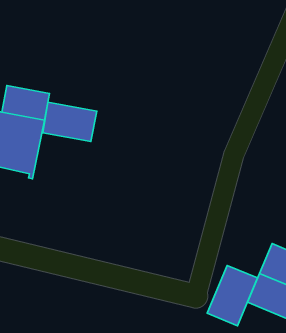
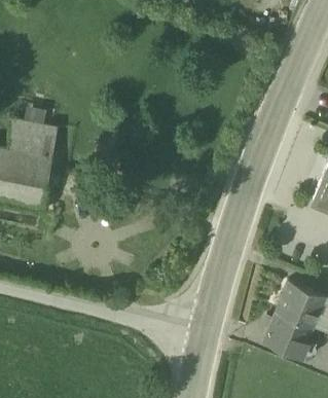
building: [43,102,97,141] -> none
building: [207,265,257,326] -> none

